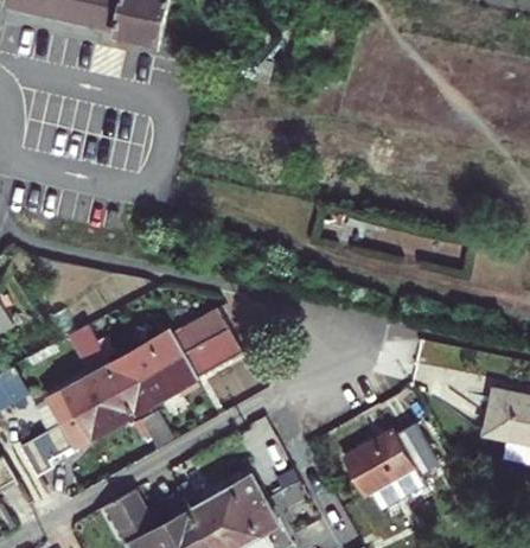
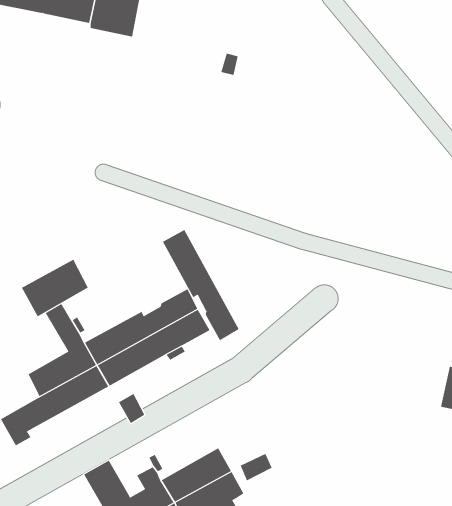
building: none -> [162,229,239,341]
building: none -> [21,259,89,317]
building: [344,422,438,517] -> none

